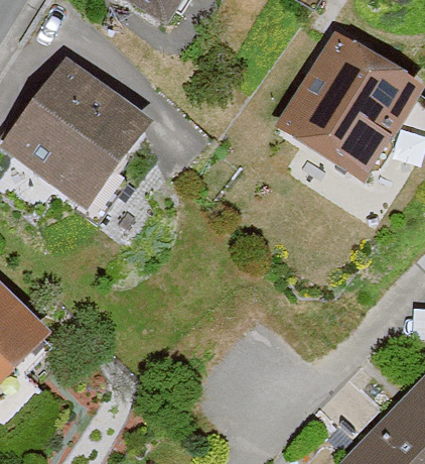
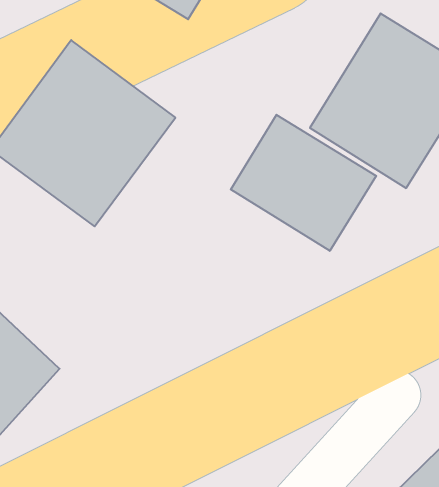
building: none -> [231,115,376,251]

